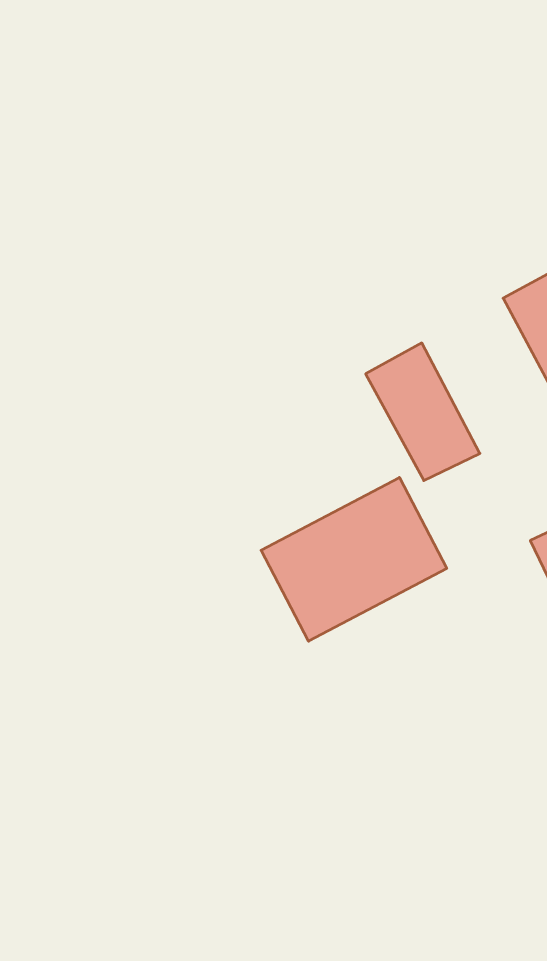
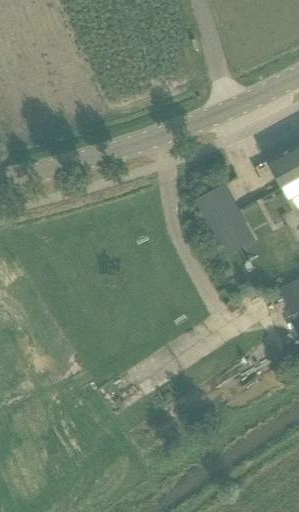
building: [261,477,447,641] -> none

